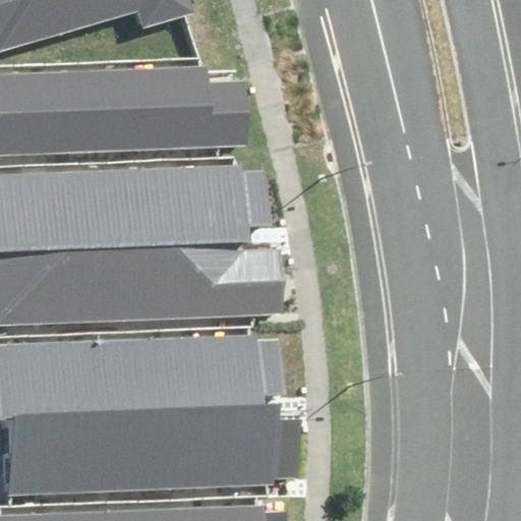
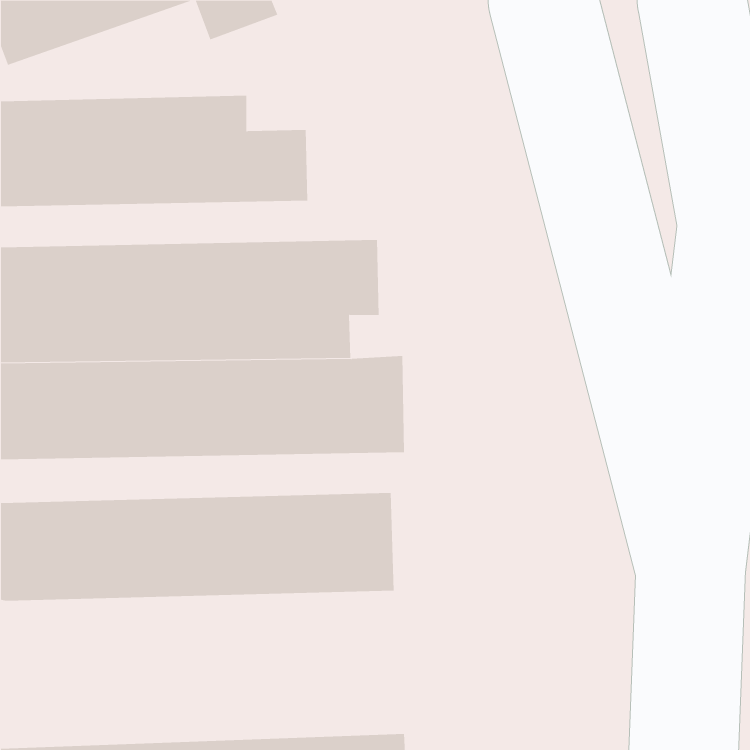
building: [11,411,295,488] -> none

